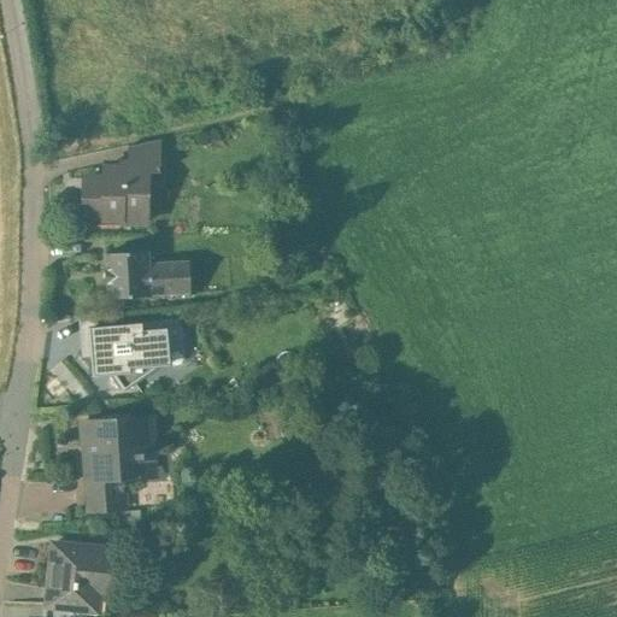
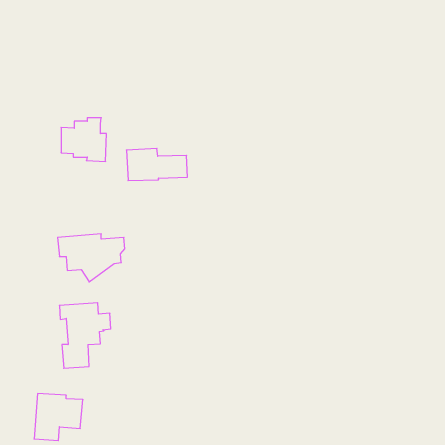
building: [129,139,160,171] -> none
building: [105,252,189,296] -> [126,148,187,181]

